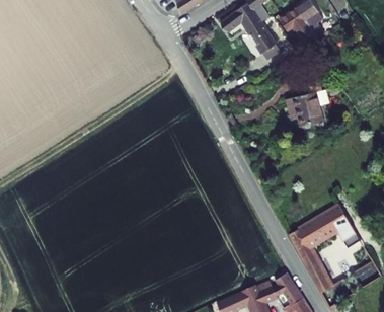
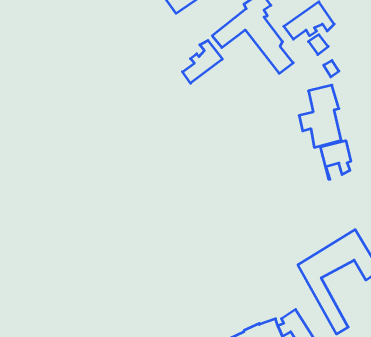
building: none -> [182,40,222,83]
building: none -> [320,141,351,179]

